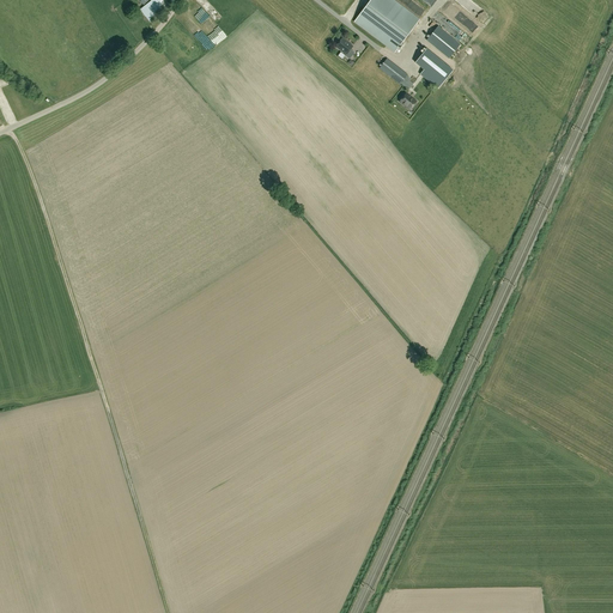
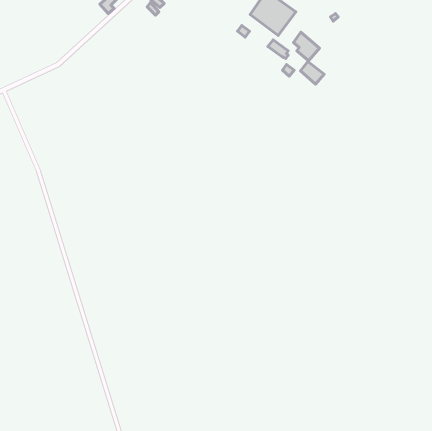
building: [427,24,461,56] -> [300,61,324,84]

